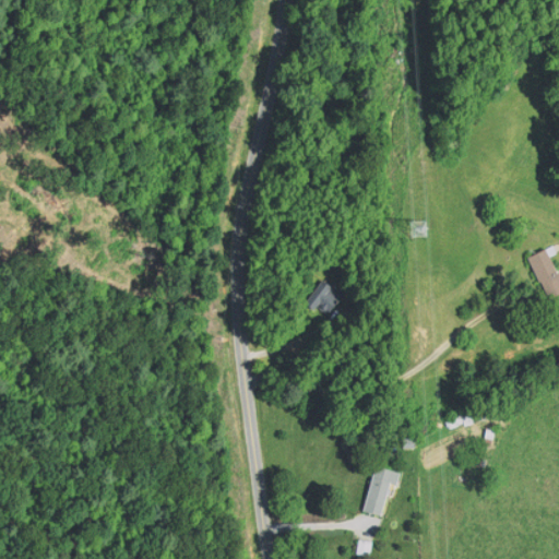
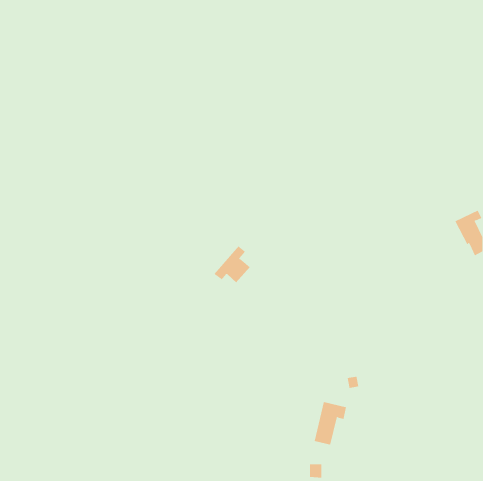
building: [300,273,343,317] -> [214,245,250,283]

